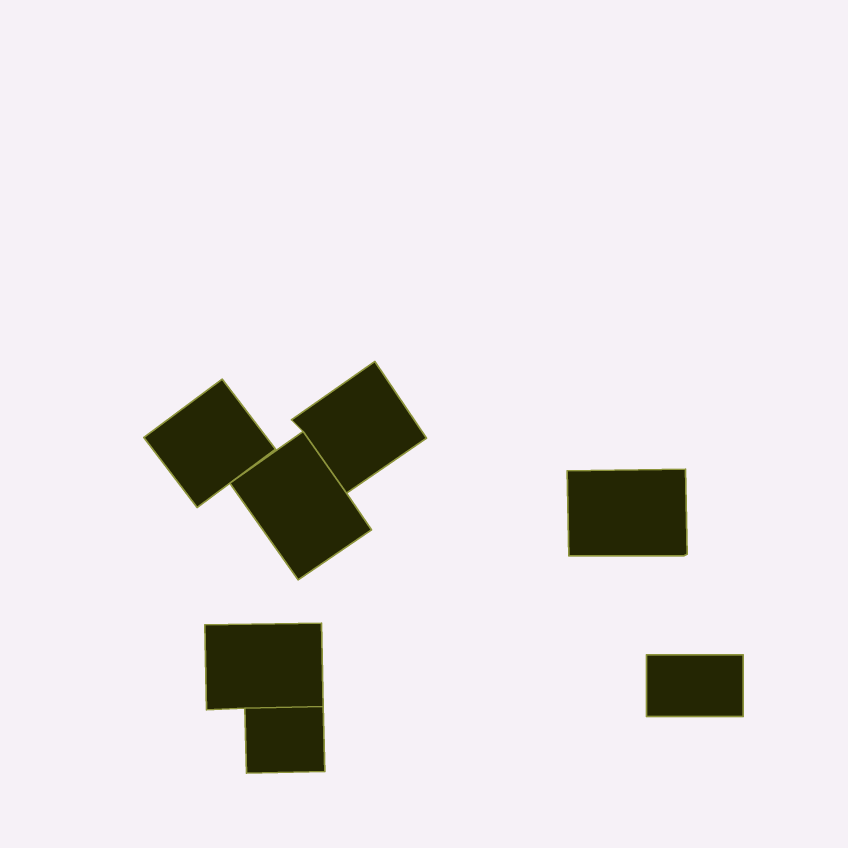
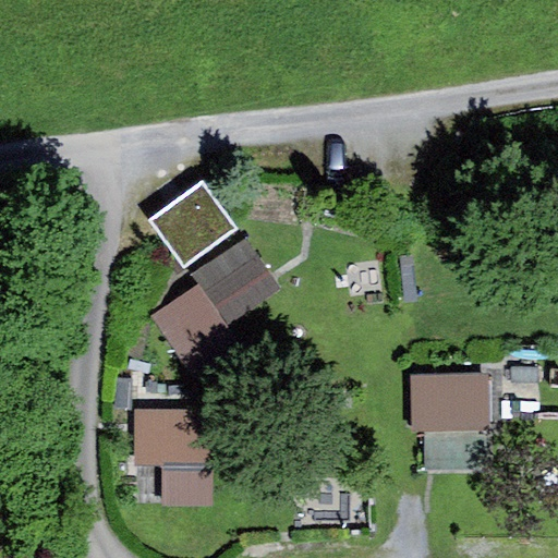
building: [144,379,275,508] -> [148,183,234,267]
building: [567,469,687,556] -> [410,372,488,428]

